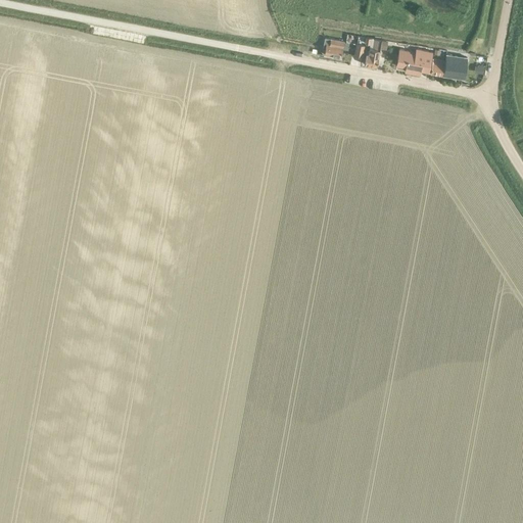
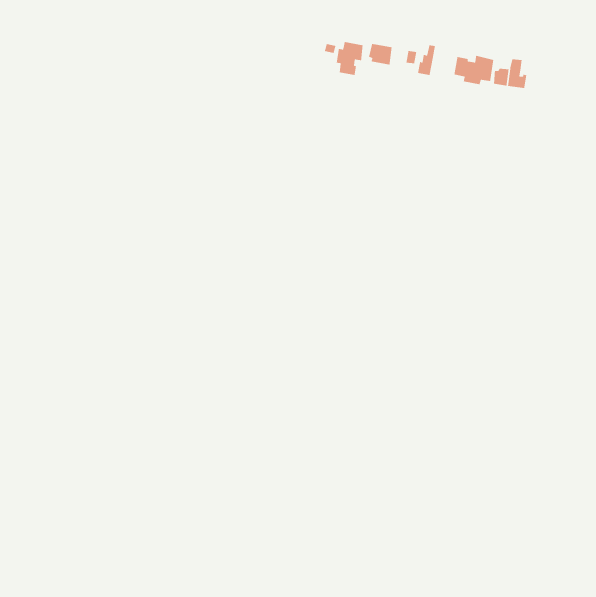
building: none -> [336,41,364,76]

